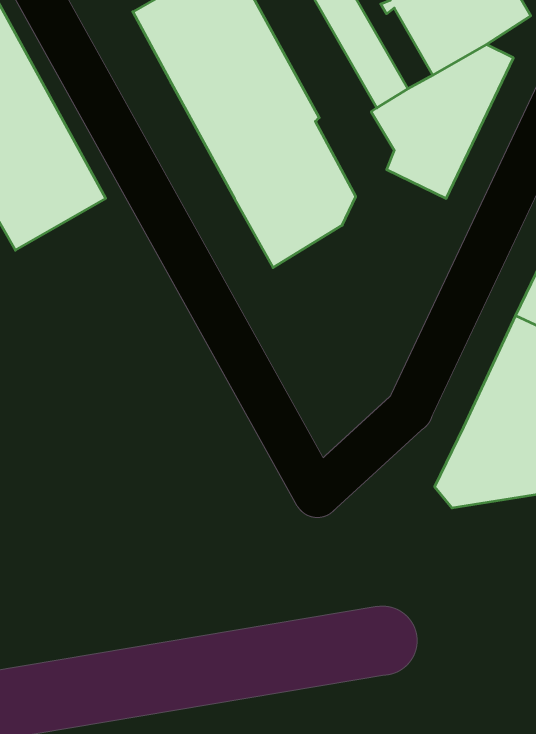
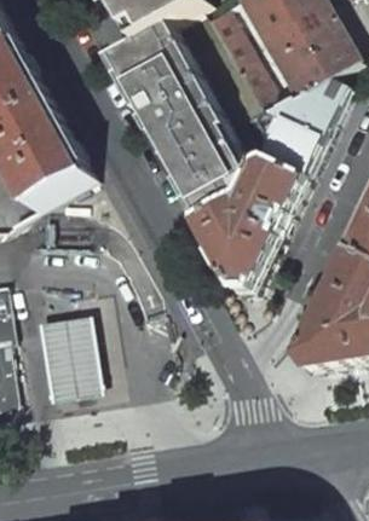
building: none -> [196,156,305,289]
building: none -> [36,312,96,396]

